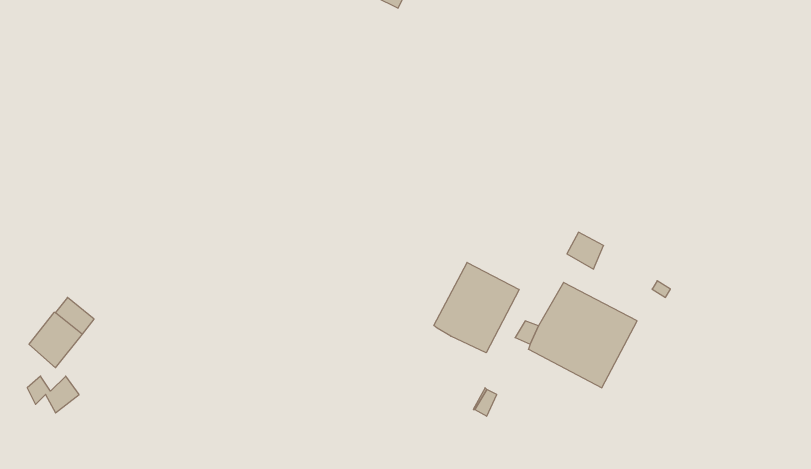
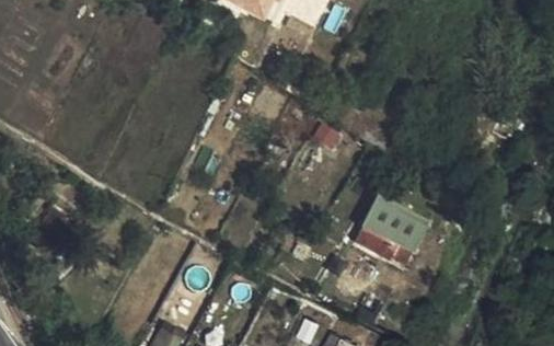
building: [434,262,519,353] -> none

